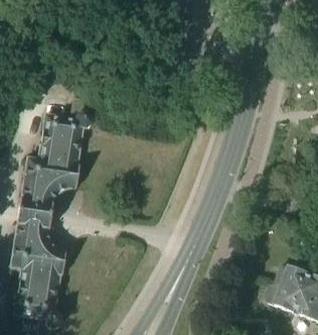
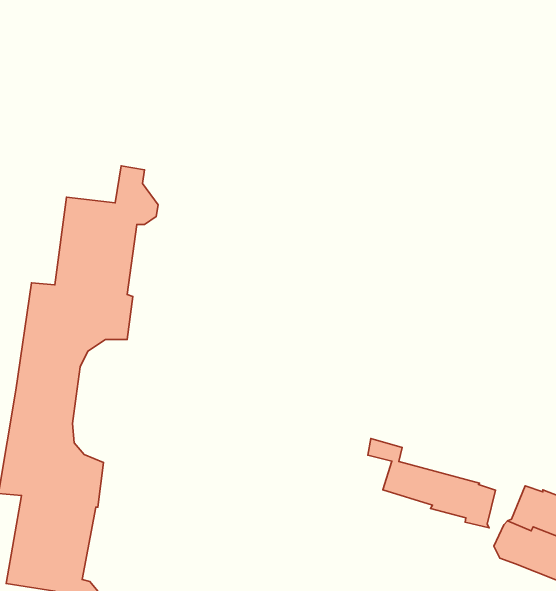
building: none -> [368,439,496,528]

